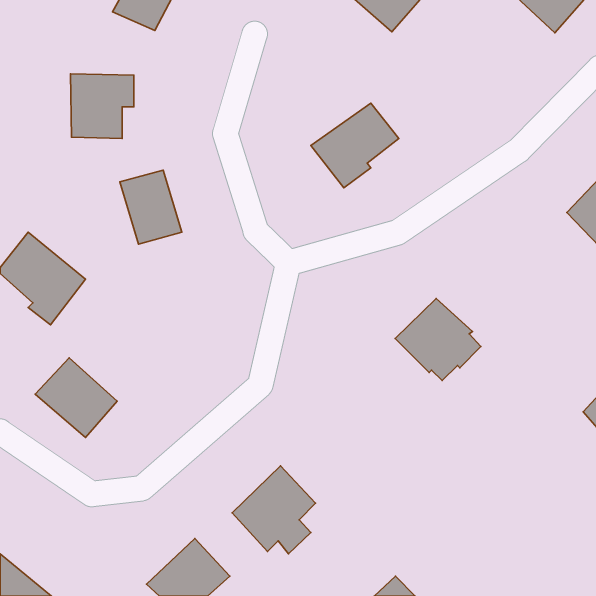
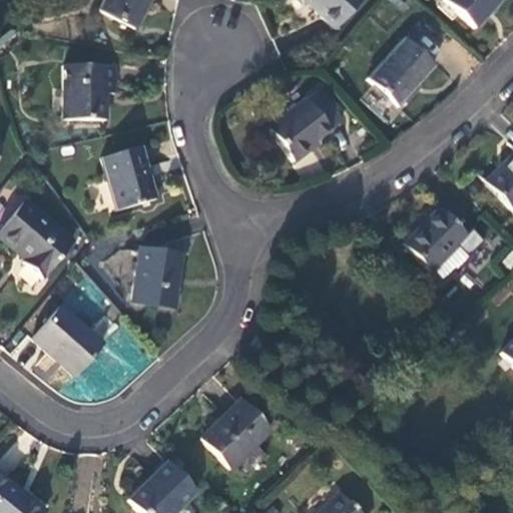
building: none -> [369,38,435,105]
building: none -> [131,246,183,308]
building: [395,299,481,381] -> [404,207,477,278]

